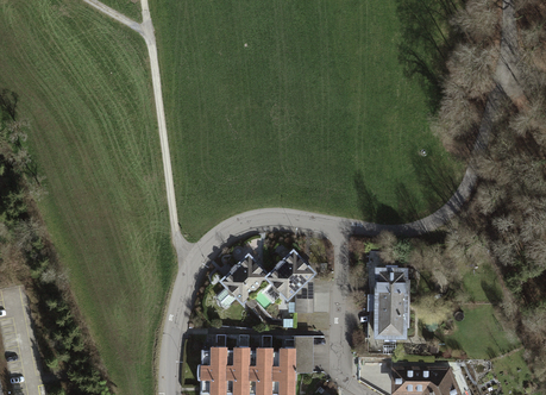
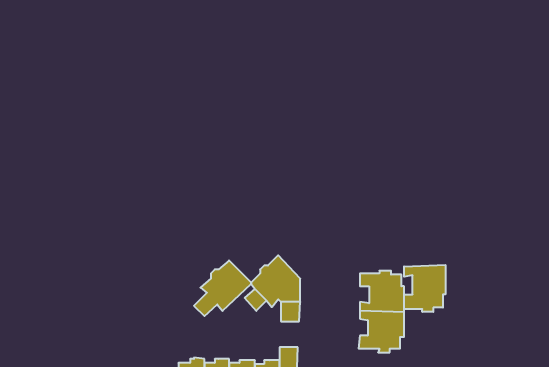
building: none -> [404,265,445,312]

